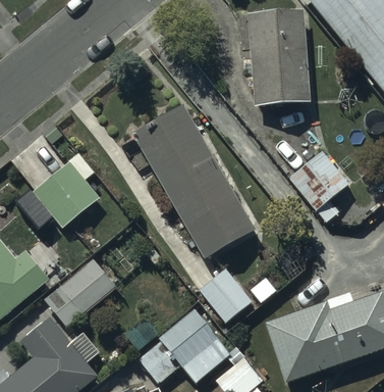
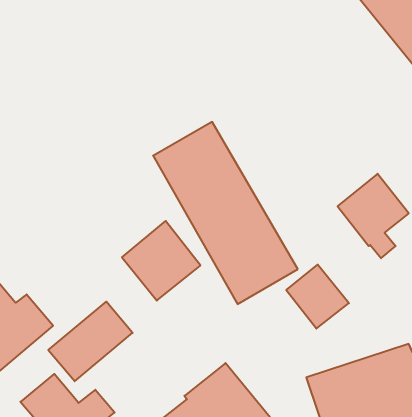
building: [245,6,309,103] -> none
building: [33,159,99,227] -> [122,221,200,301]
building: [200,270,253,324] -> [286,265,349,329]

